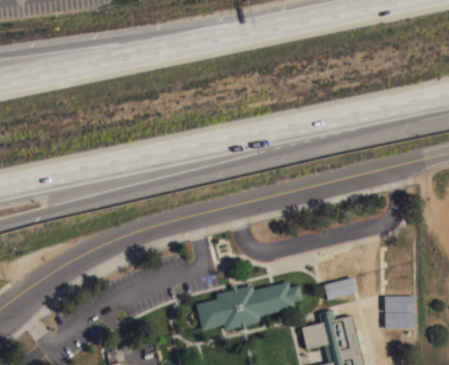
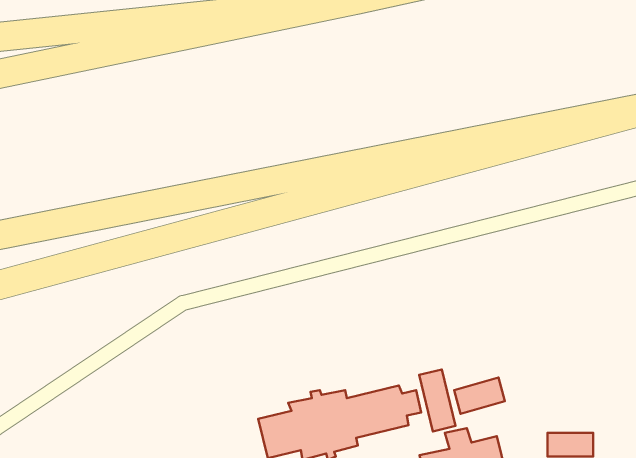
building: none -> [419,369,455,431]
building: [384,297,415,312] -> none

